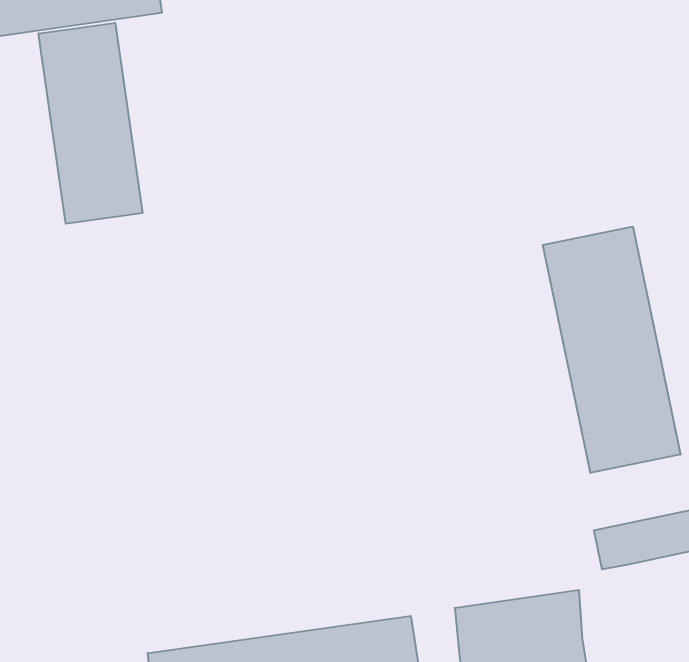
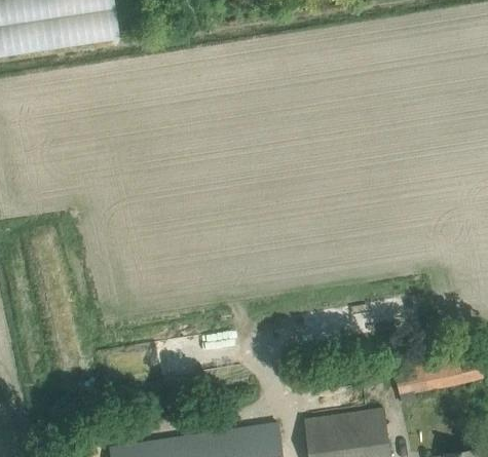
building: [39,23,142,224] -> none
building: [543,227,681,473] -> none

